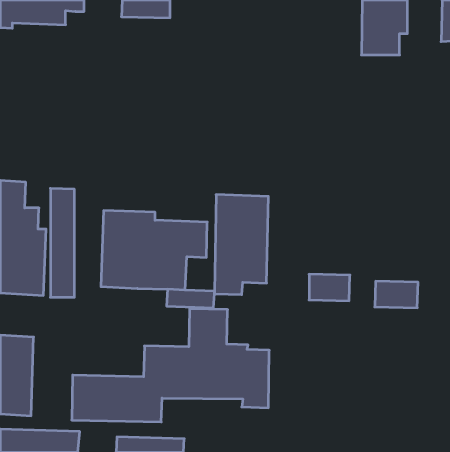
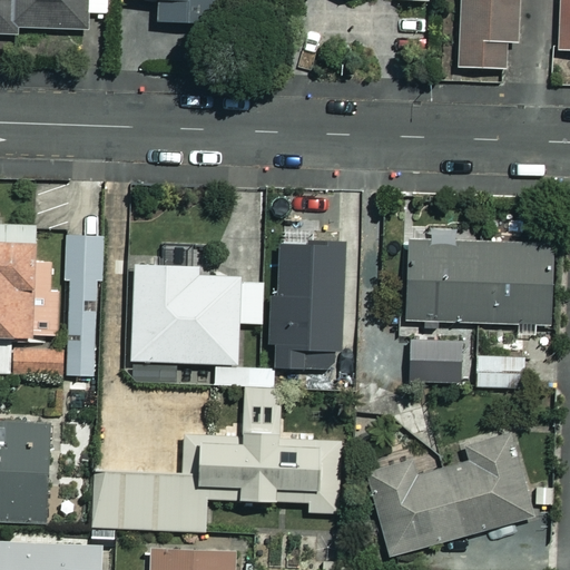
building: none -> [406,243,552,335]
building: none -> [367,436,531,557]

